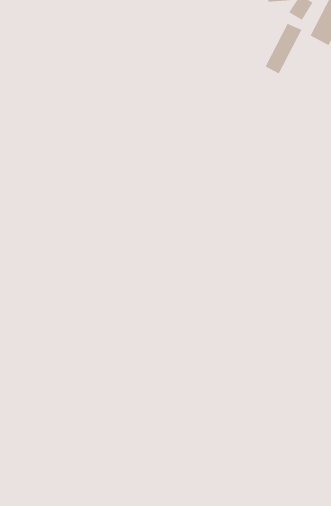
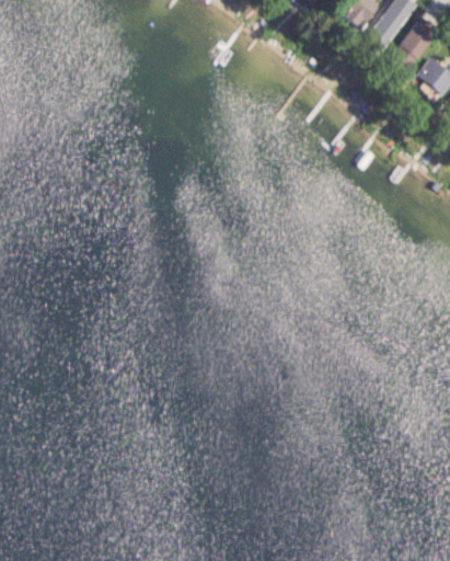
building: [264,23,303,74] -> none

